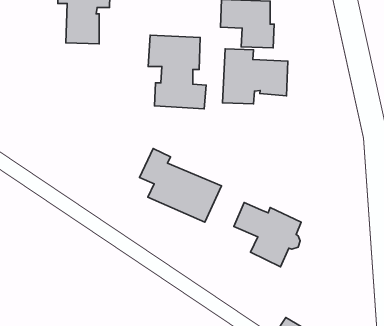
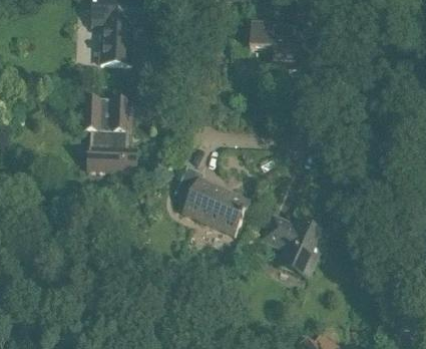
building: [148,35,206,109] -> [80,99,136,170]
building: [222,49,288,104] -> none

